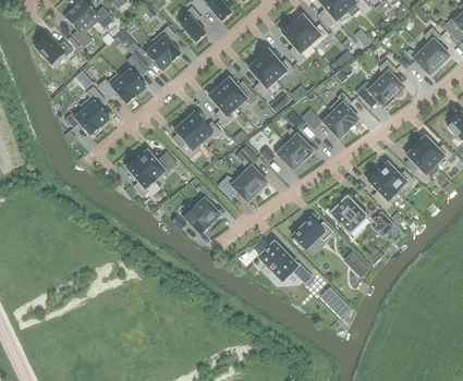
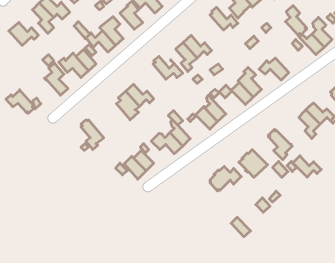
building: [281,23,309,60] -> none
building: [377,59,404,97] -> [285,6,307,35]
building: [209,86,235,123] -> none
building: [64,106,100,136] -> [6,90,34,113]
building: [136,150,176,181] -> none
building: [377,162,414,189] -> [292,156,321,177]
building: [258,242,312,283] -> none

